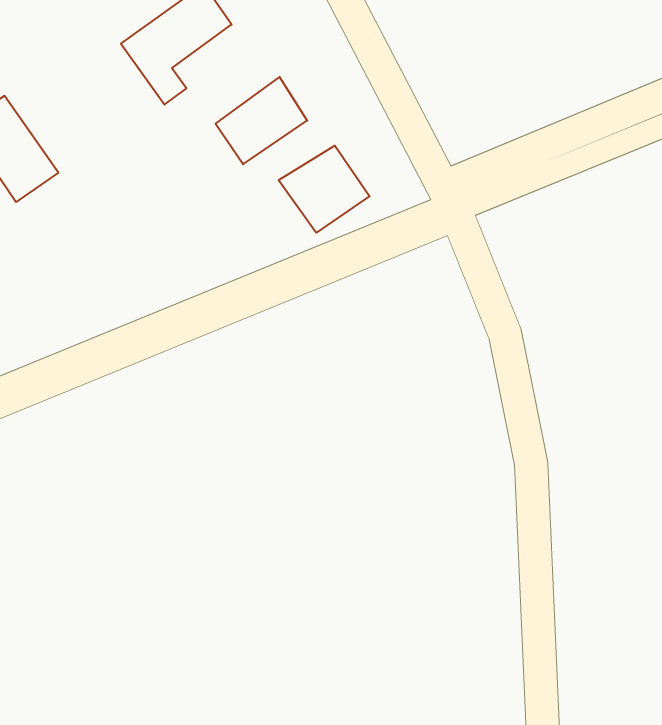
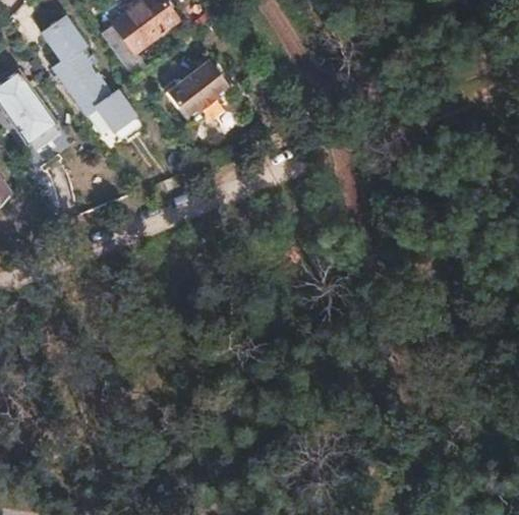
building: none -> [43,19,135,132]
building: [279,146,370,233] -> none

